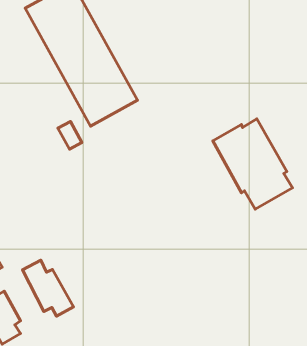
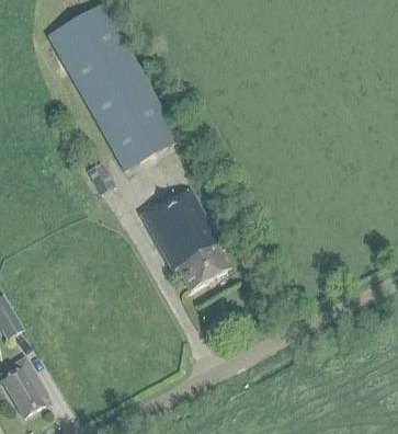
building: [213,119,292,209] -> [139,186,230,289]
building: [22,260,74,316] -> none

